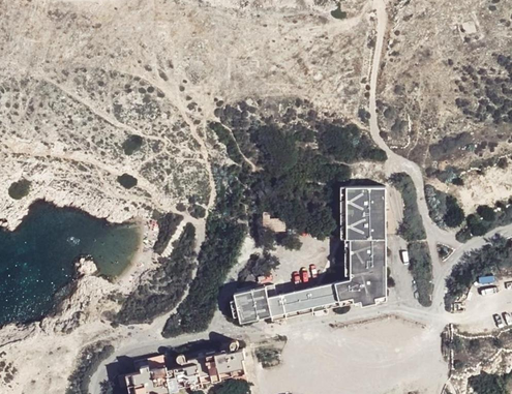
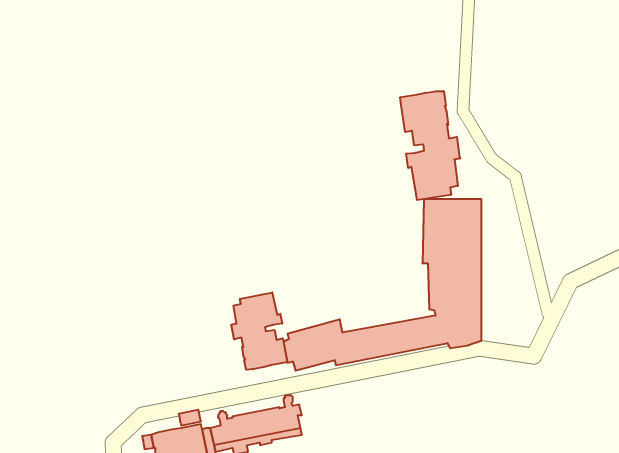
building: none -> [400,91,460,200]
building: none -> [231,292,287,370]

